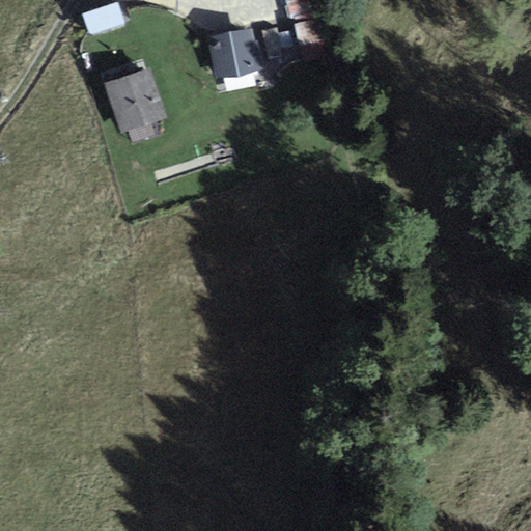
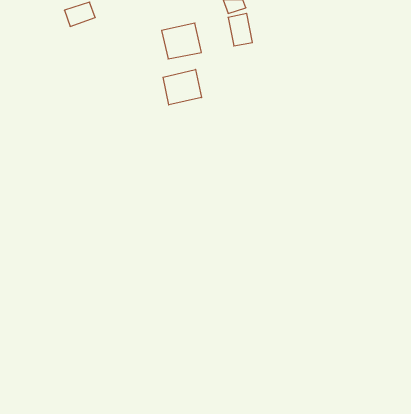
building: [106,69,164,130] -> none
building: none -> [163,69,202,105]

